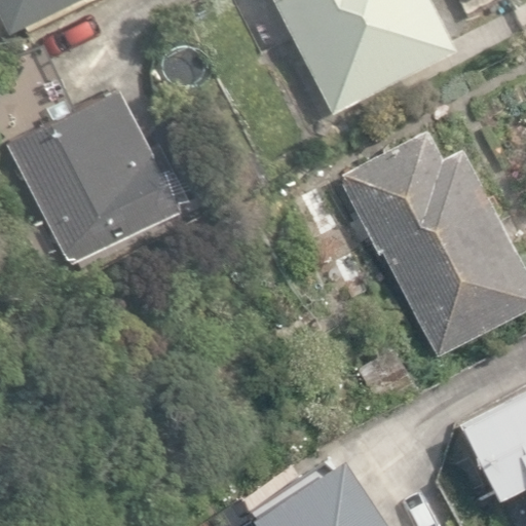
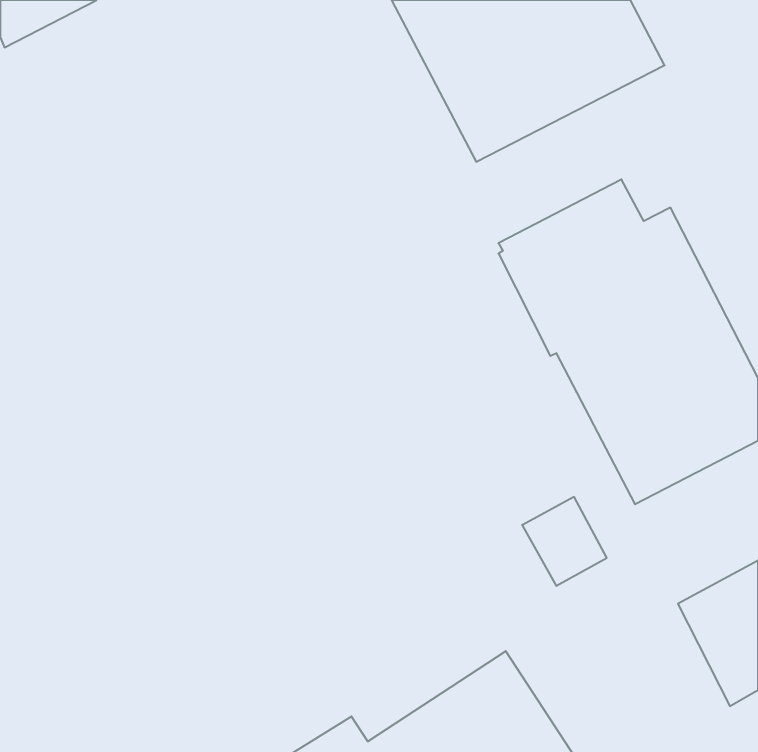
building: [5,87,179,267] -> none

